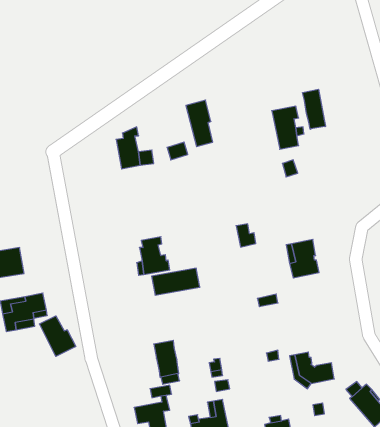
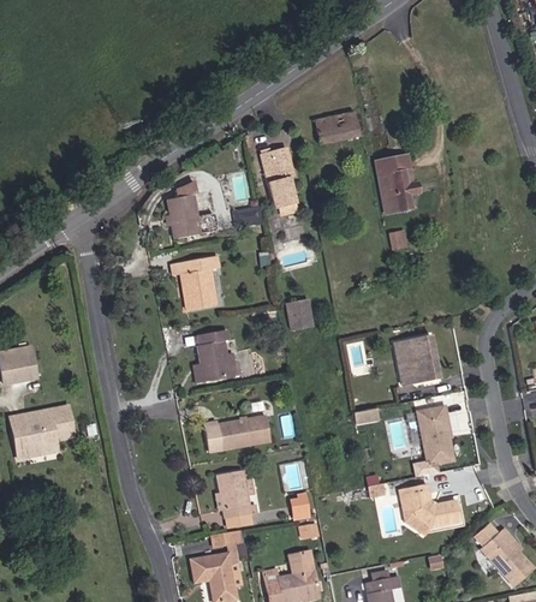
building: none -> [314,112,359,144]
building: [303,89,326,129] -> none
building: none -> [171,256,218,310]
building: [236,224,256,247] -> [286,300,312,332]
building: [152,268,200,295] -> [204,416,269,452]
building: none -> [417,406,453,465]
building: [39,316,76,356] -> none

